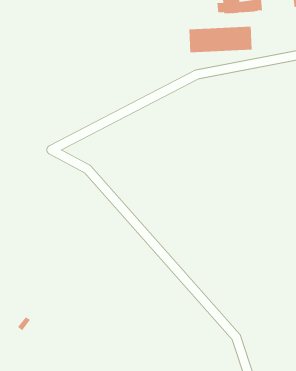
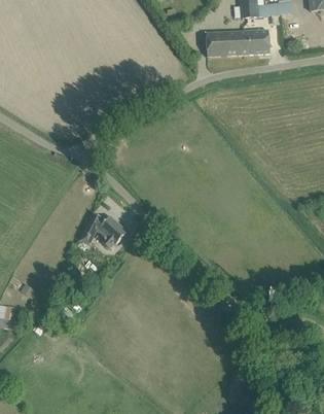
building: none -> [79,212,125,247]

